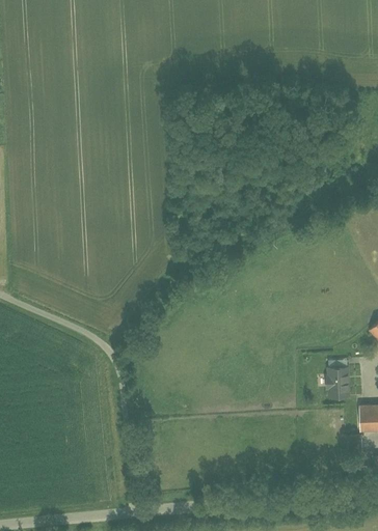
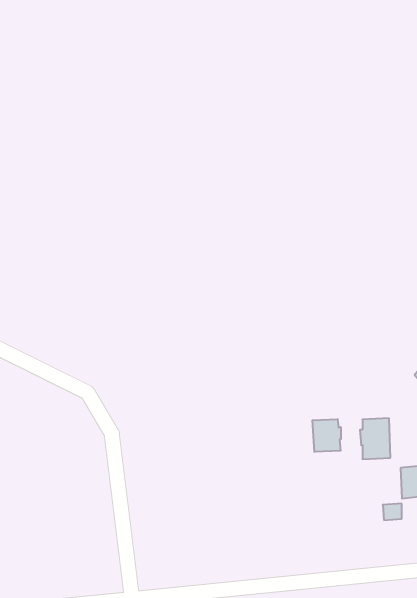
building: none -> [312,419,341,452]

